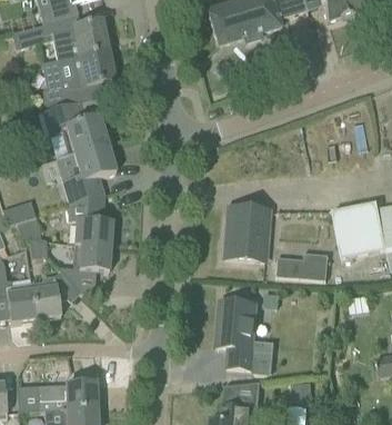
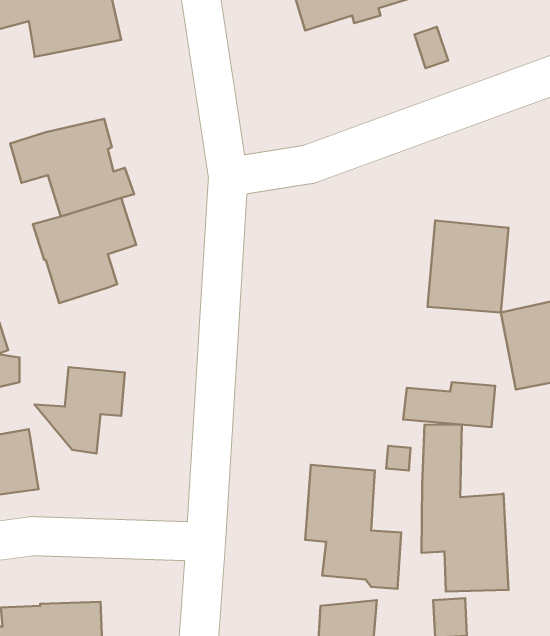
building: [41,50,113,105] -> none
building: [68,197,113,247] -> none
building: [223,206,271,260] -> [428,220,508,313]
building: none -> [422,425,508,592]

